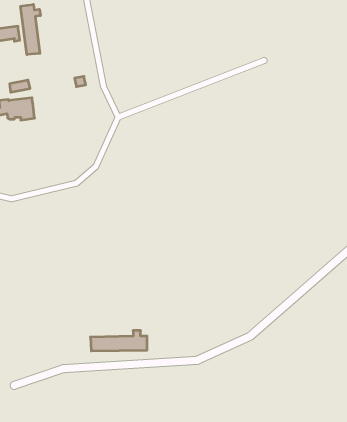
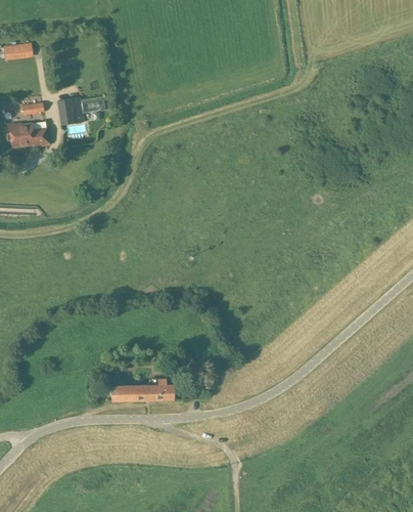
building: [21,4,40,55] -> none
building: none -> [57,97,84,125]

